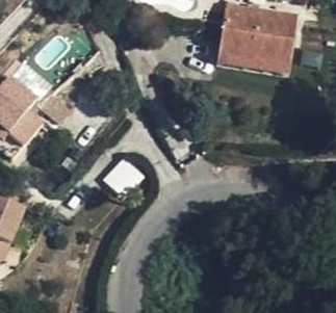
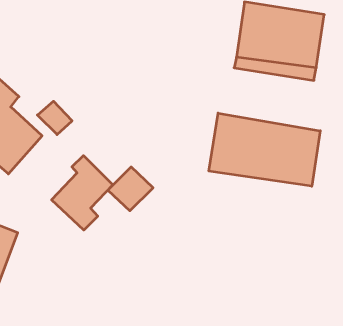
building: none -> [209,113,320,186]
building: none -> [52,156,113,230]

